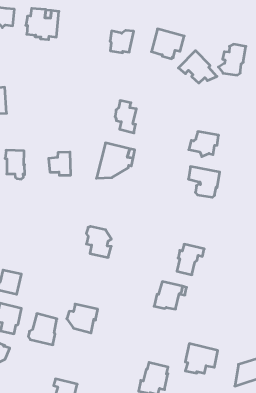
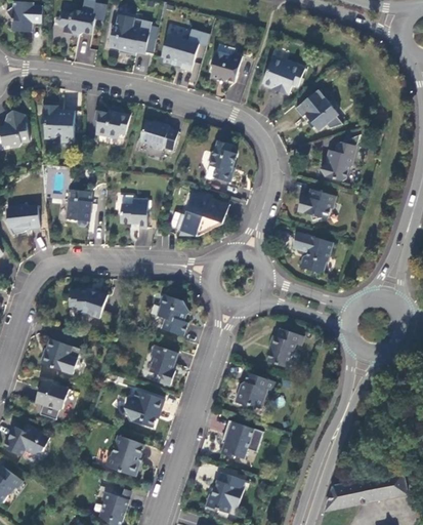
building: none -> [162,34,199,71]
building: [218,44,246,75] -> [320,142,356,180]
building: none -> [94,110,130,138]
building: none -> [139,120,178,150]
building: none -> [70,290,108,318]
building: none -> [150,345,178,385]
building: [28,314,57,345] -> [105,435,143,476]
building: [185,344,218,373] -> [220,419,263,458]

